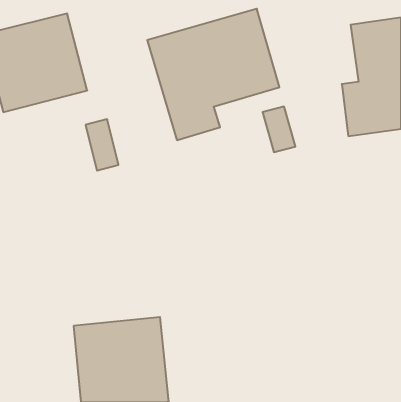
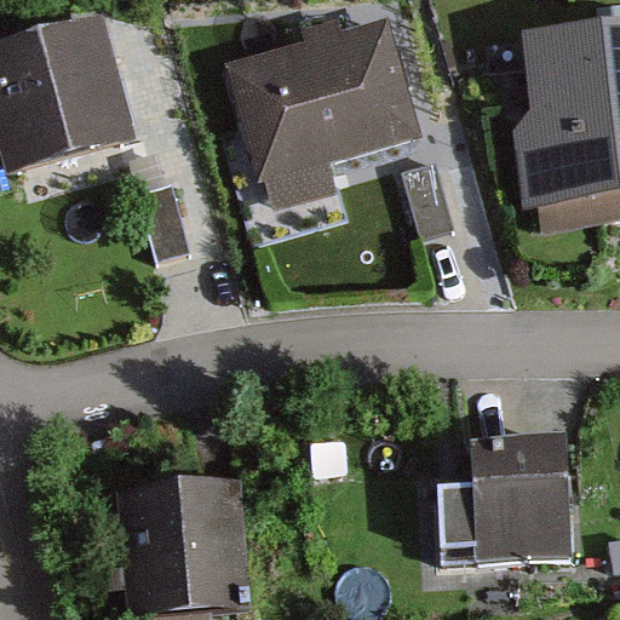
building: none -> [466,442,576,592]

